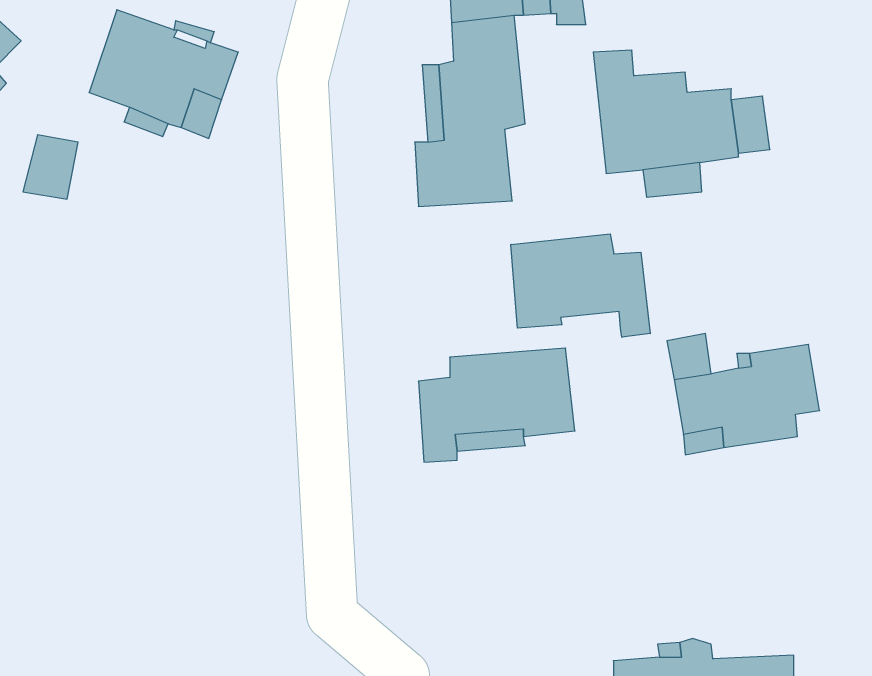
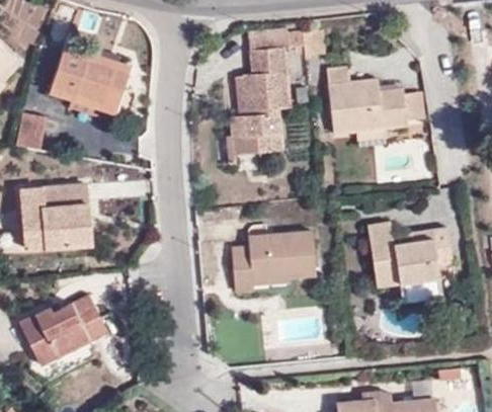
building: [511,234,650,337] -> none
building: none -> [19,183,91,251]
building: none -> [19,294,107,364]

